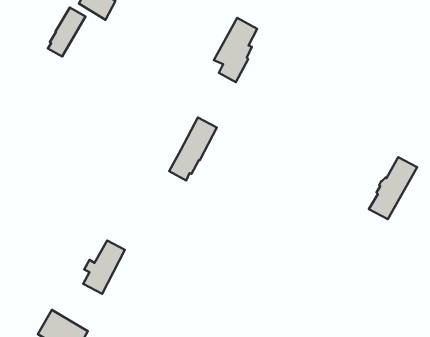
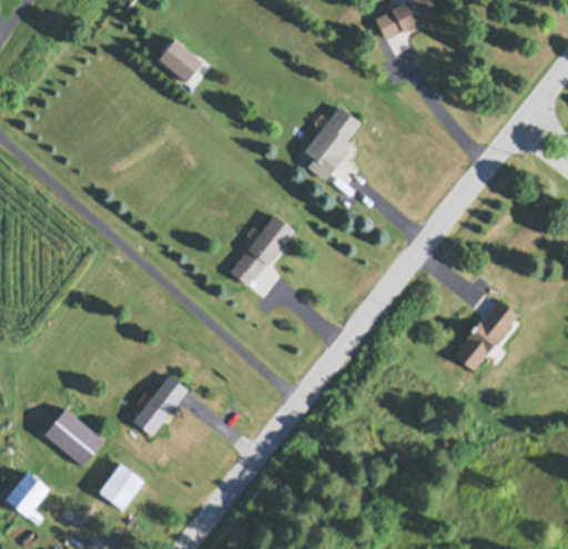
building: [48,7,86,56] -> none
building: [83,241,125,294] -> [132,376,187,437]

